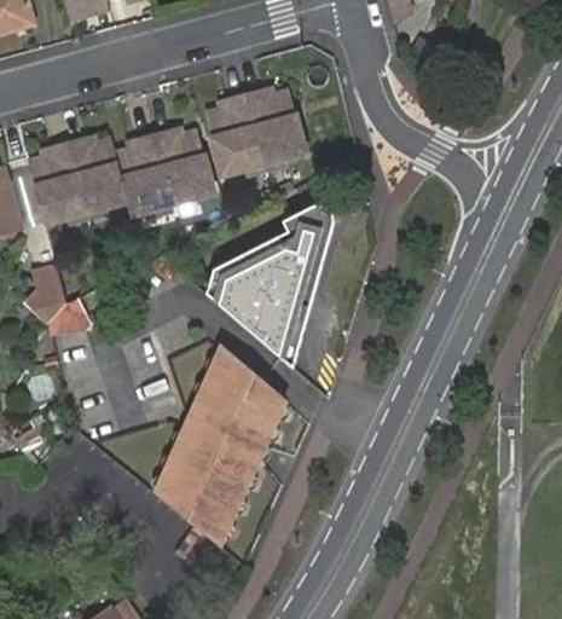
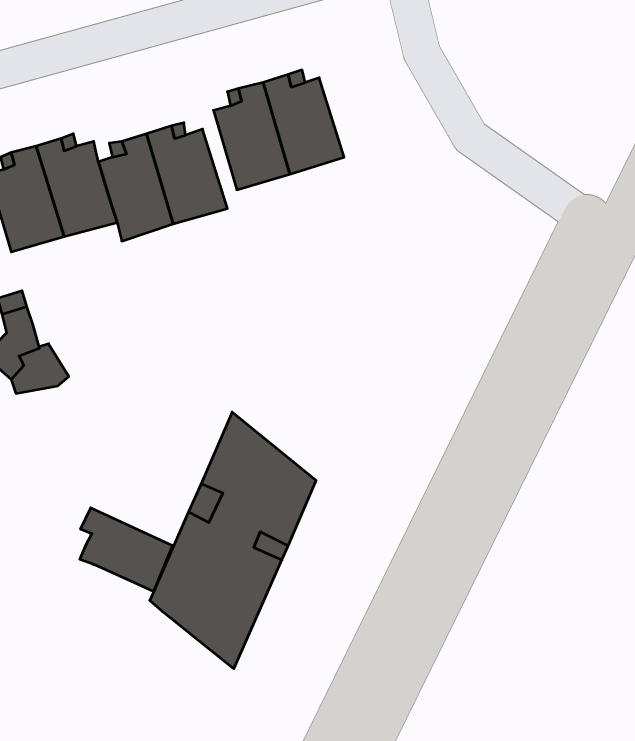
building: [216,209,335,371] -> none
building: none -> [80,508,172,592]

